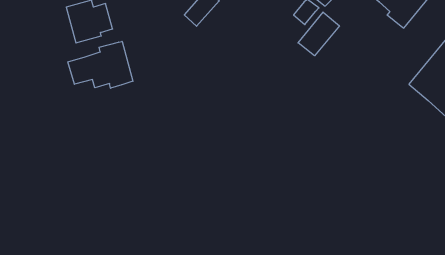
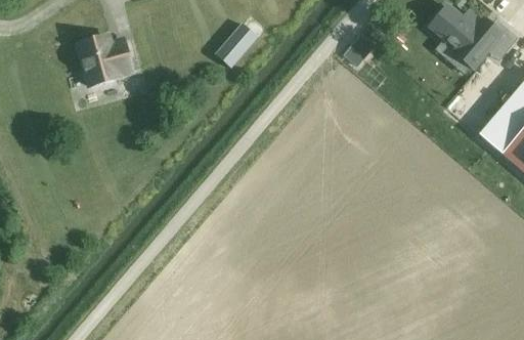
building: [298,12,339,56] -> none
building: [68,41,133,88] -> none

